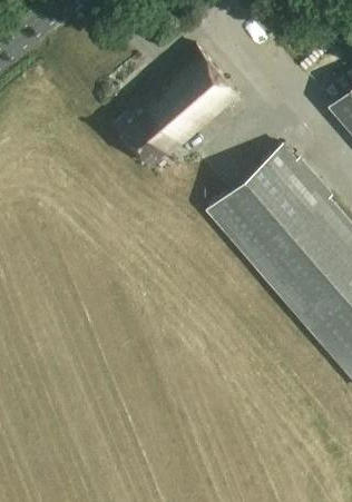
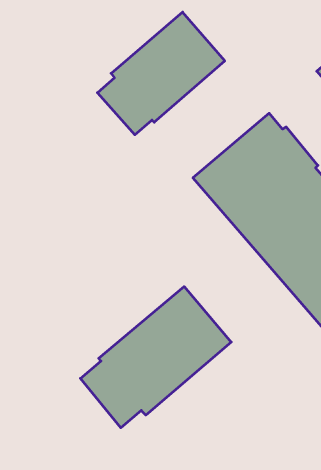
building: none -> [80,287,231,428]

